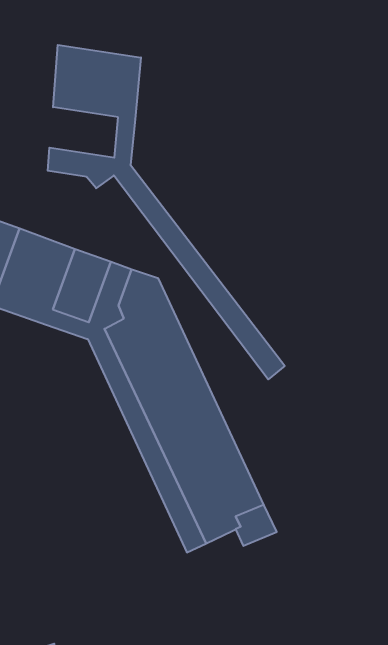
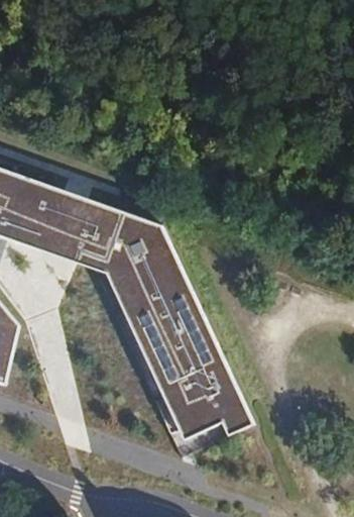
building: [48,45,285,379] -> none

